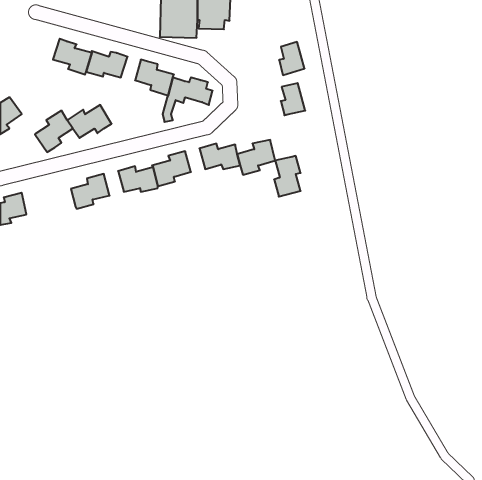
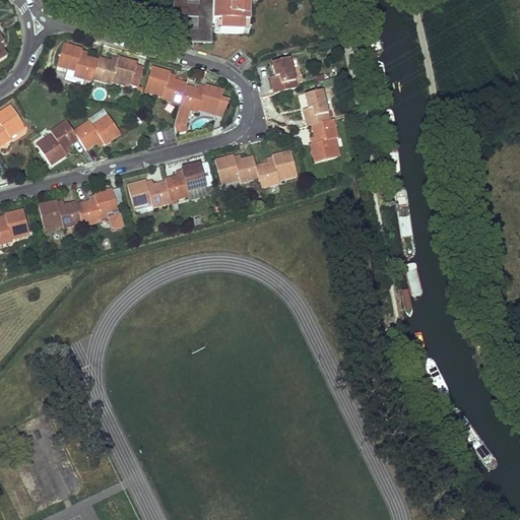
building: [279,42,305,75] -> [270,57,298,92]
building: [274,156,301,197] -> [310,118,338,161]
building: none -> [40,199,82,226]

